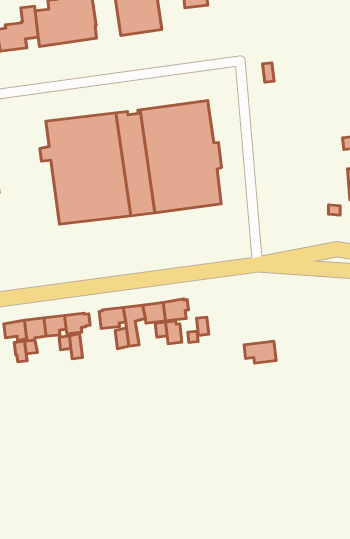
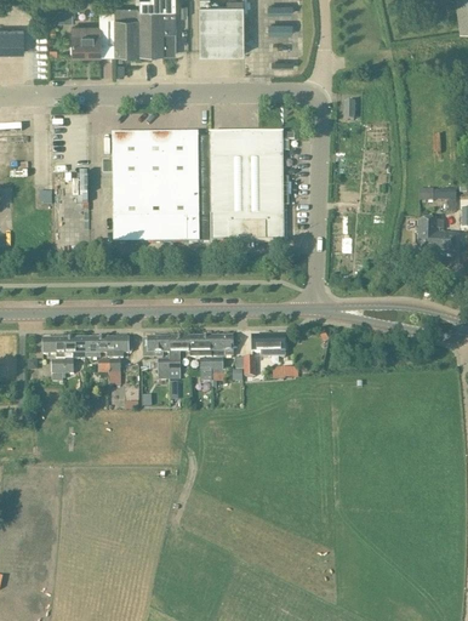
building: [244,341,276,363] -> [252,335,284,355]

